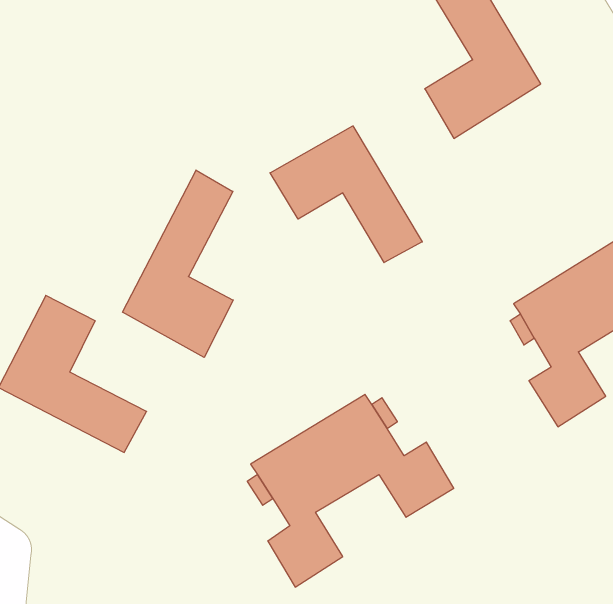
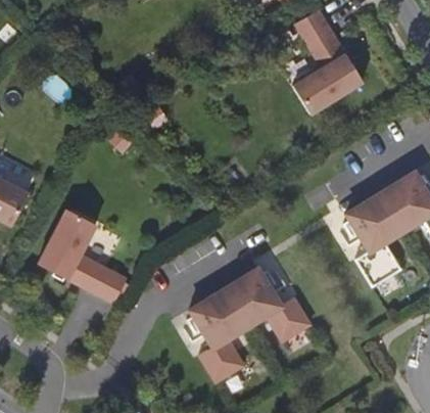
building: [270,126,422,263] -> none
building: [123,170,233,357] -> none

